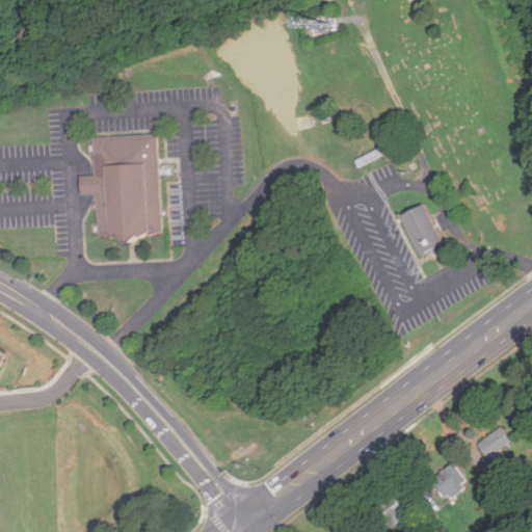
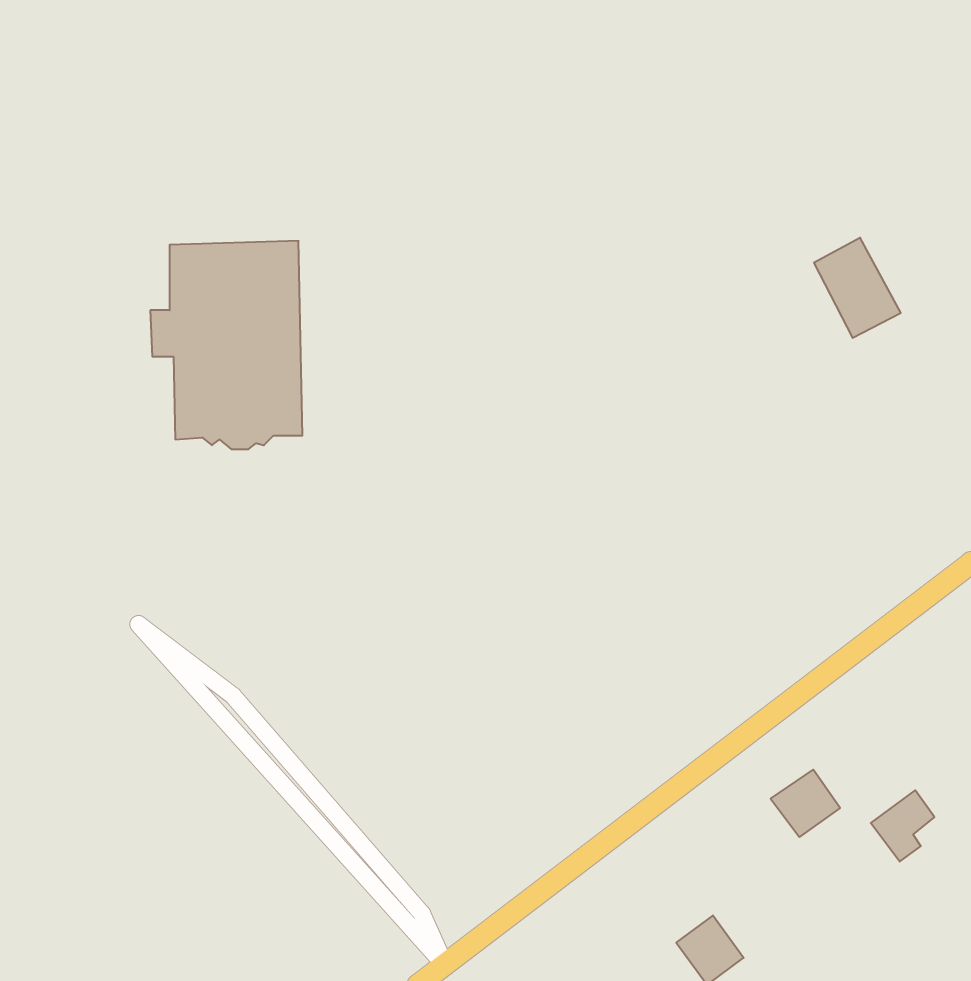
building: [401,205,448,259] -> [814,238,901,338]
building: [423,466,460,502] -> [771,770,840,837]

